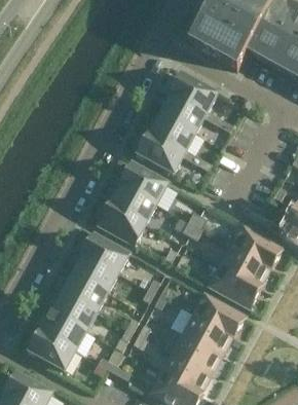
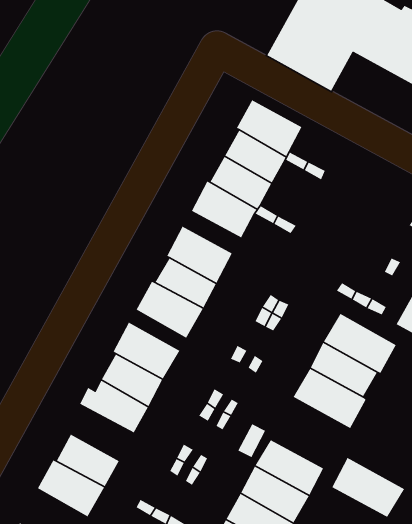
building: [50,291,96,331] -> none
building: [192,294,245,337] -> [331,457,405,518]

